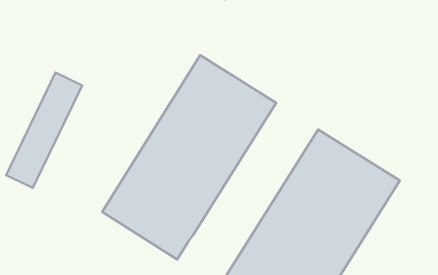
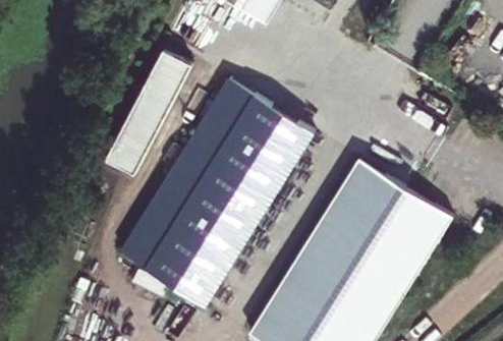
building: [6,73,82,188] -> [109,48,193,176]

